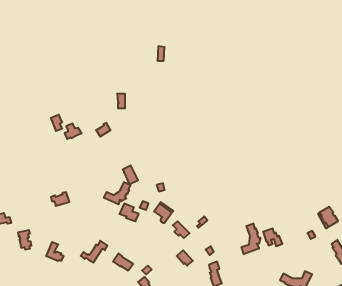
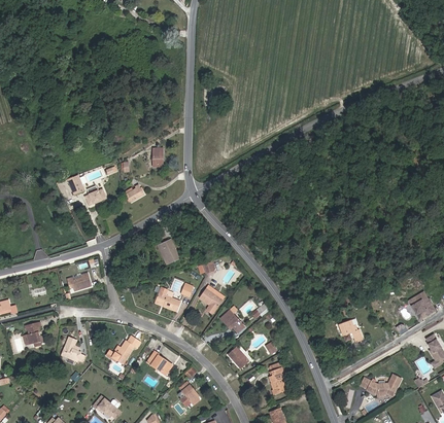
building: [104,182,131,204] -> none
building: [242,223,260,254] -> none

